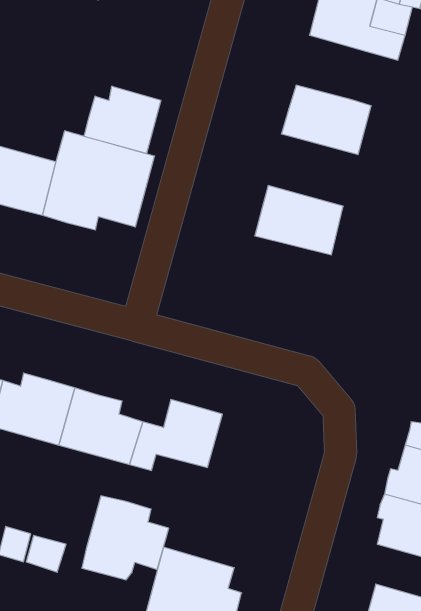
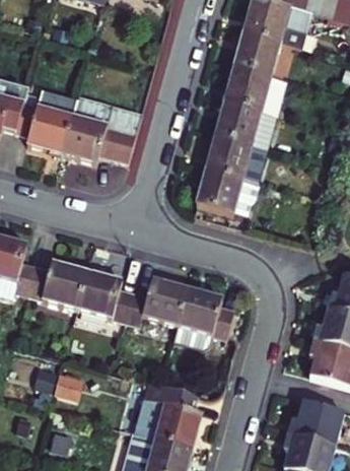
building: none -> [238,28,286,73]
building: [84,86,161,153] -> none
building: none -> [219,96,281,146]
building: none -> [201,166,263,216]
building: [82,496,169,580] -> [174,289,234,347]

